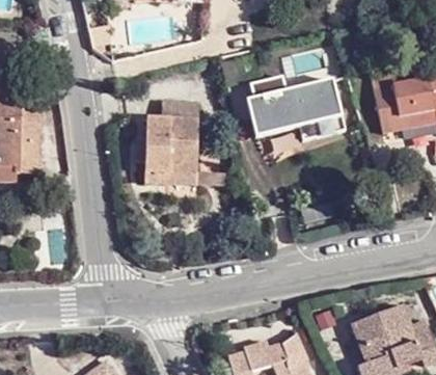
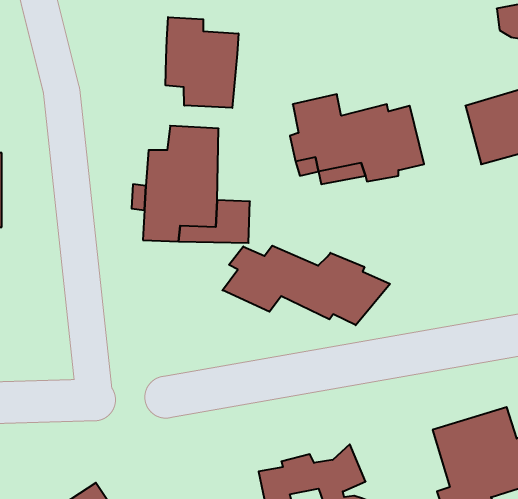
building: none -> [166,17,238,108]
building: none -> [222,246,390,325]

